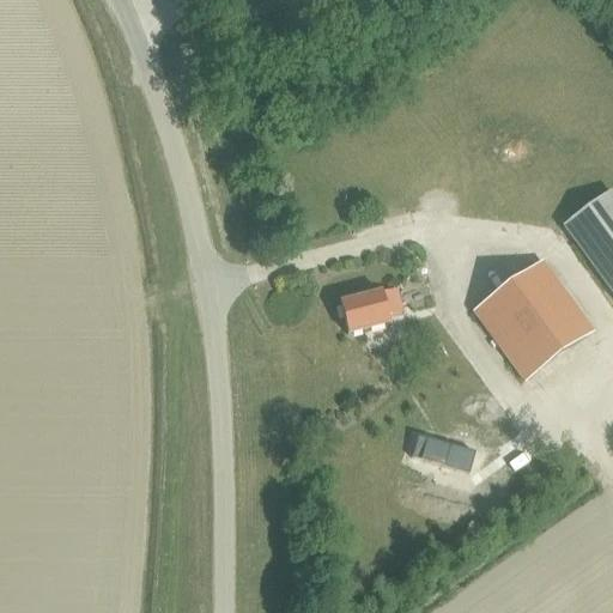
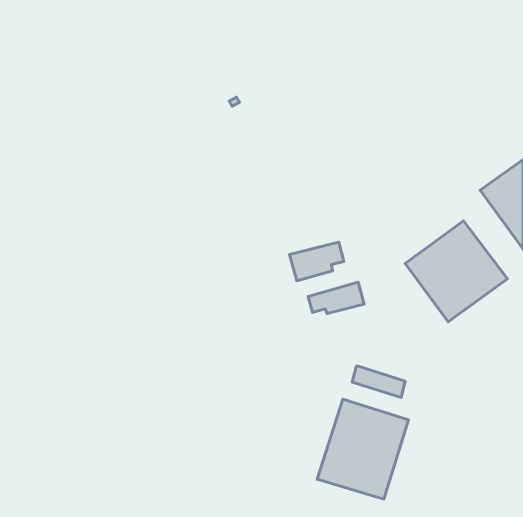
building: none -> [308,282,364,314]
building: none -> [317,399,409,499]

